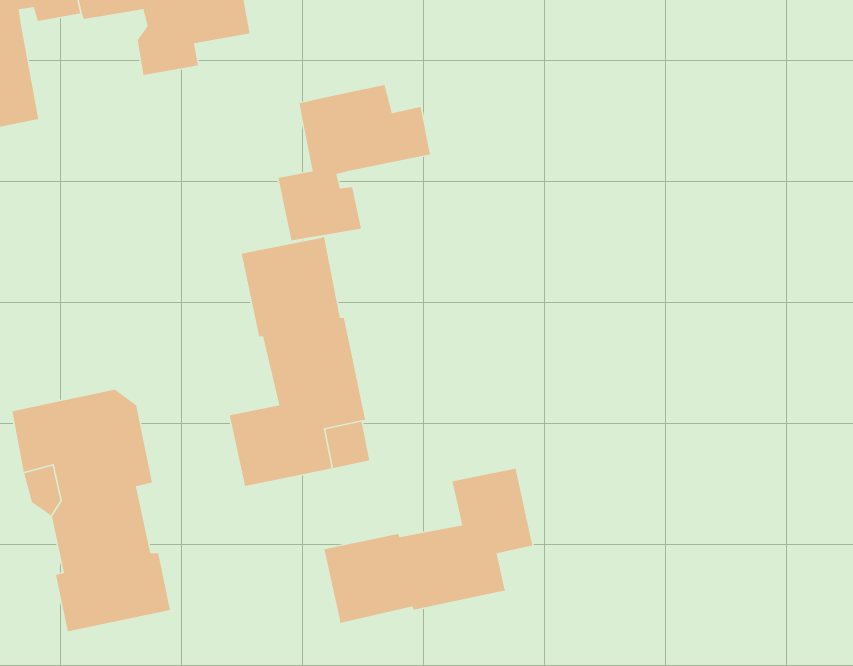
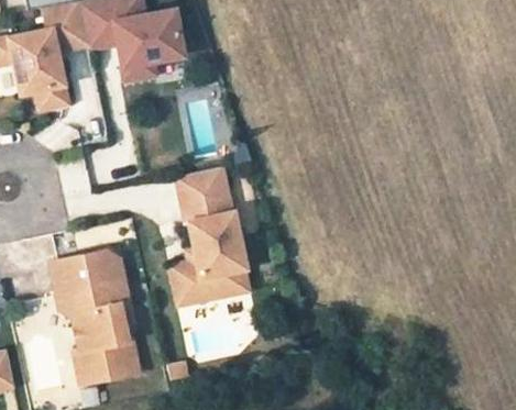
building: [277,84,431,241] -> none
building: [323,468,533,624] -> none

